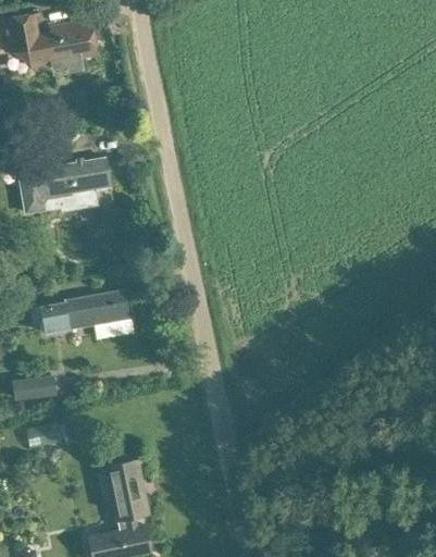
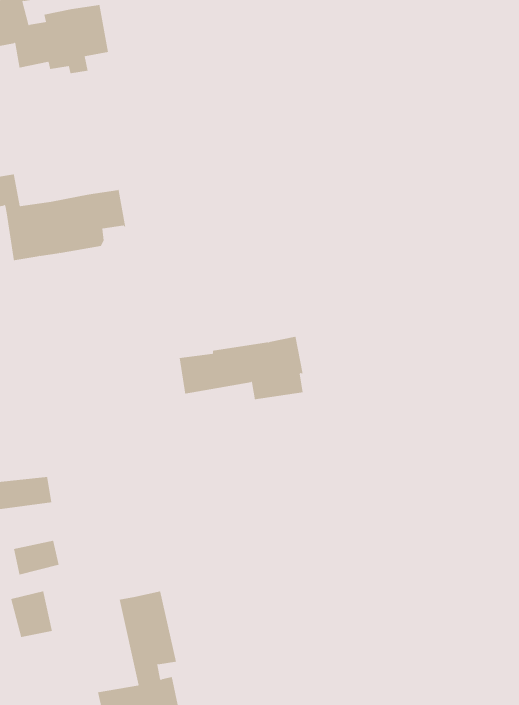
building: [40,288,134,336] -> [179,336,303,400]
building: none -> [11,591,53,638]

